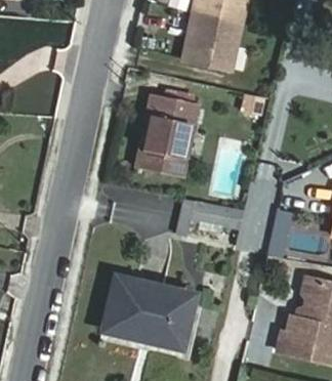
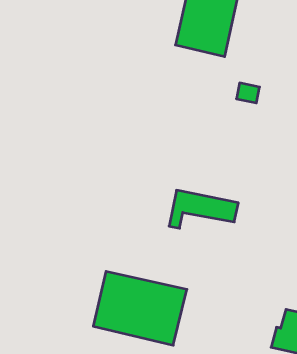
building: [135,94,197,177] -> none

